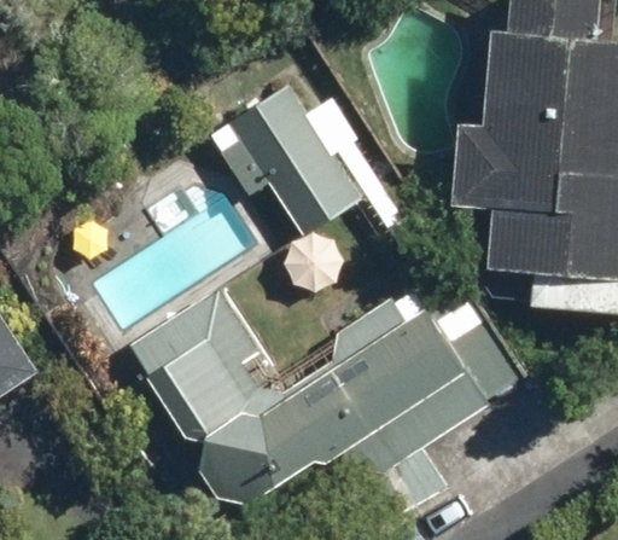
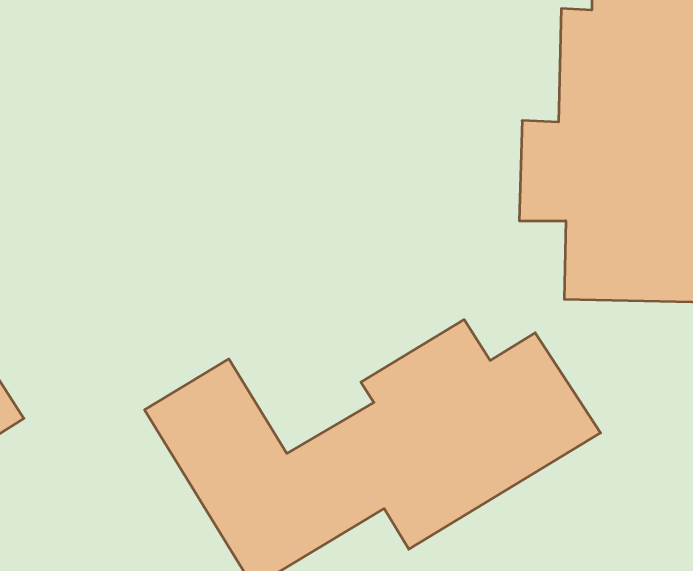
building: [227,86,358,236] -> none

